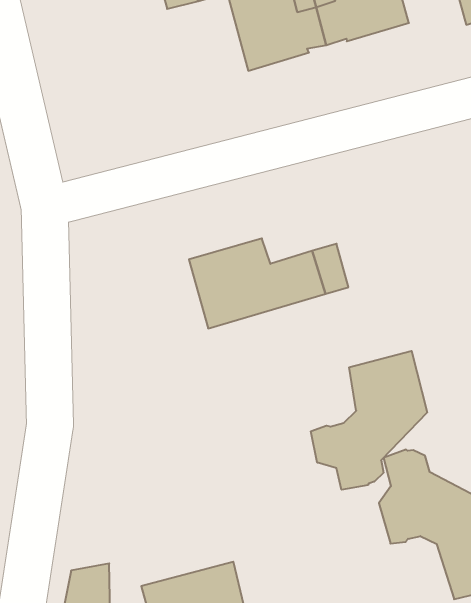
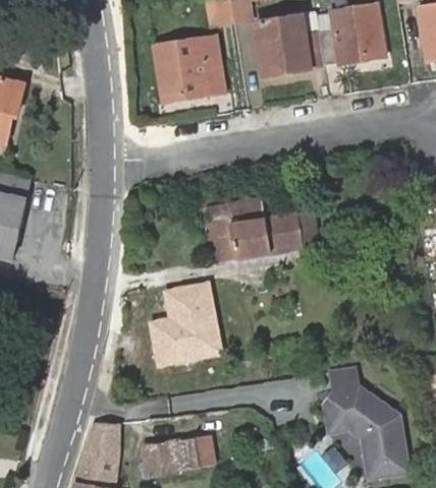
building: none -> [154,38,224,105]
building: [311,351,427,490] -> none
building: none -> [149,282,223,366]

